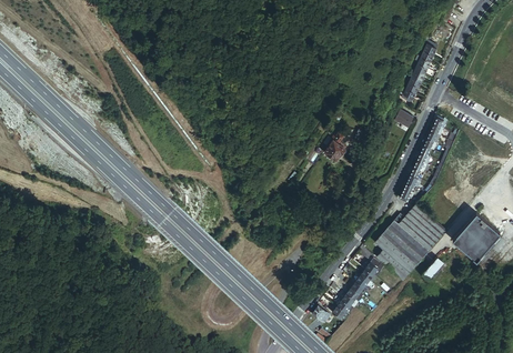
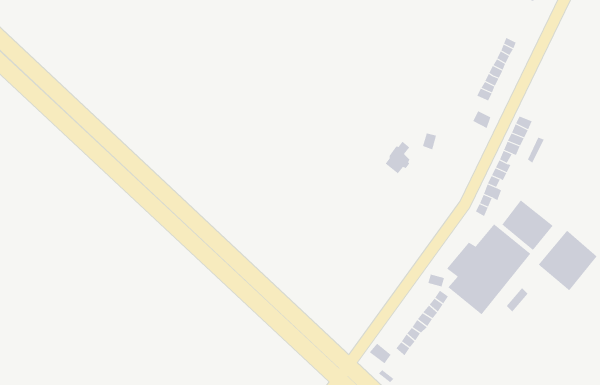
building: none -> [501,199,553,251]

